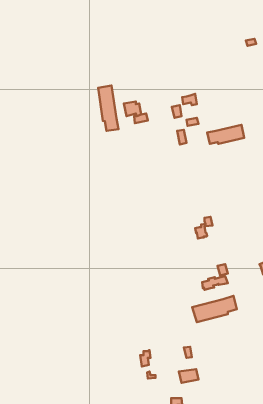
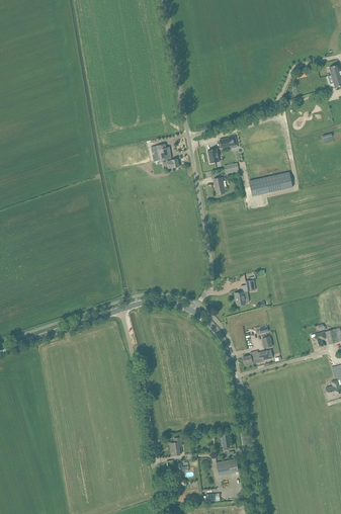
building: [98,85,118,131] -> none
building: [192,296,237,322] -> none

